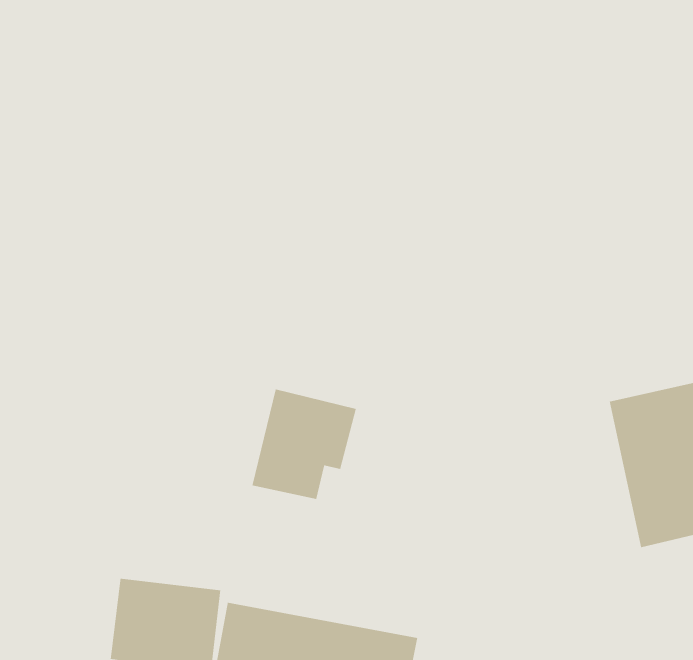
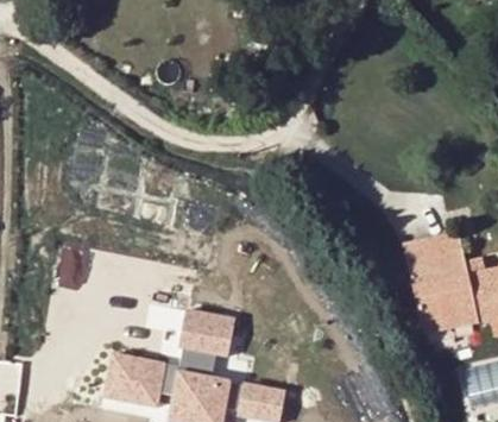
building: [251,388,357,500] -> [175,304,238,371]

